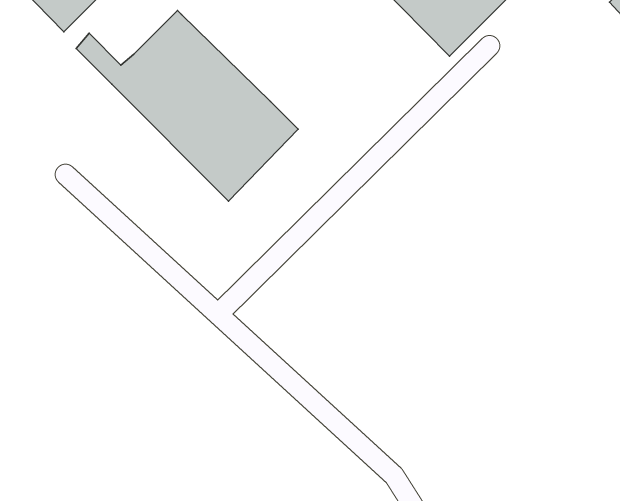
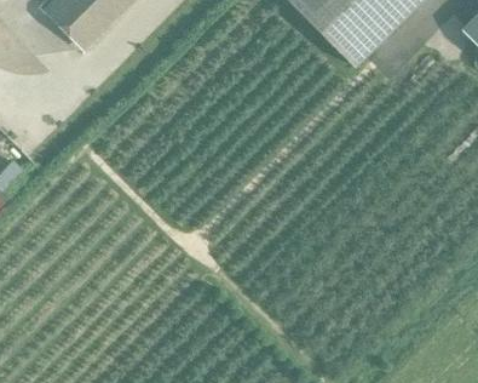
building: [76,10,298,201] -> none

